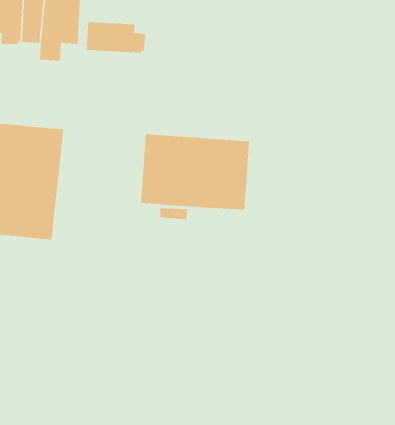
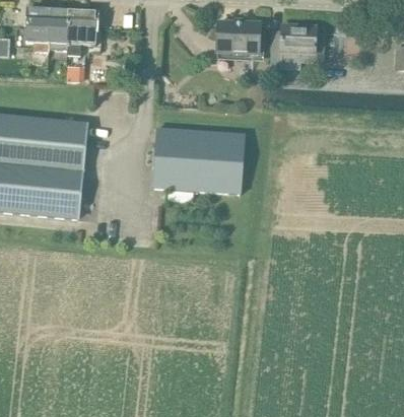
building: none -> [217,21,261,54]
building: none -> [271,23,325,68]
building: [86,22,146,53] -> none

